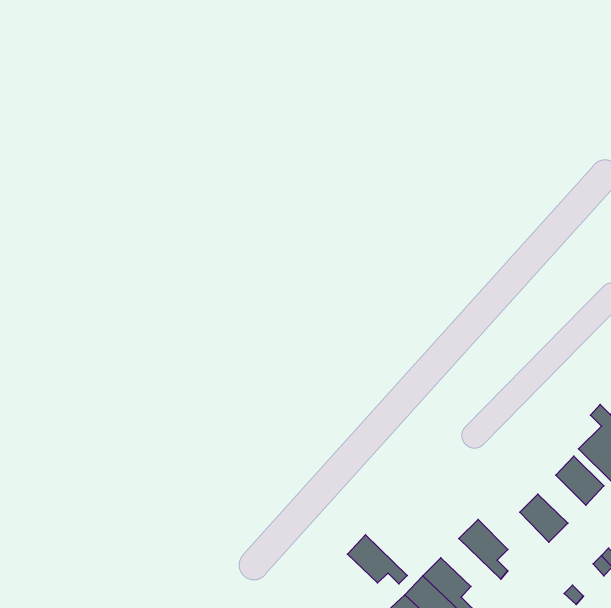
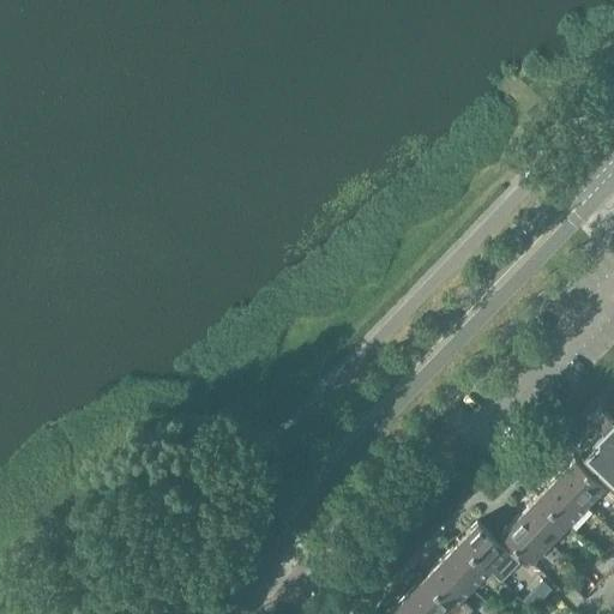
building: none -> [540,480,588,528]
building: none -> [502,517,550,566]
building: [347,535,407,584] -> [443,543,502,592]

